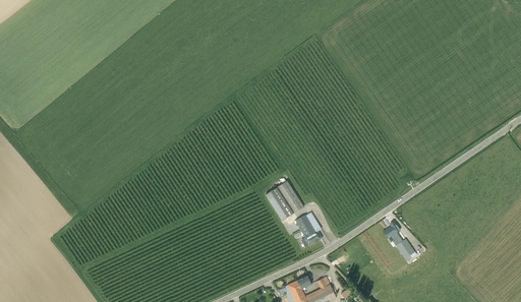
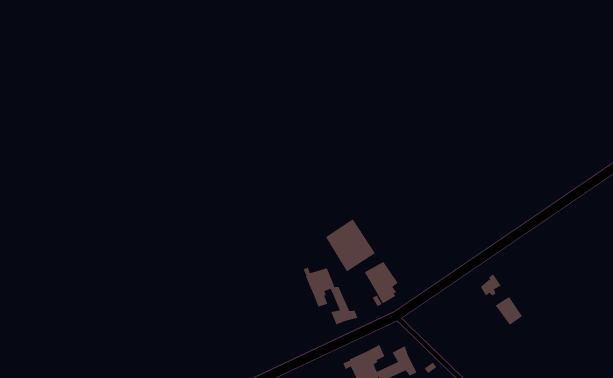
building: none -> [303,267,358,325]

